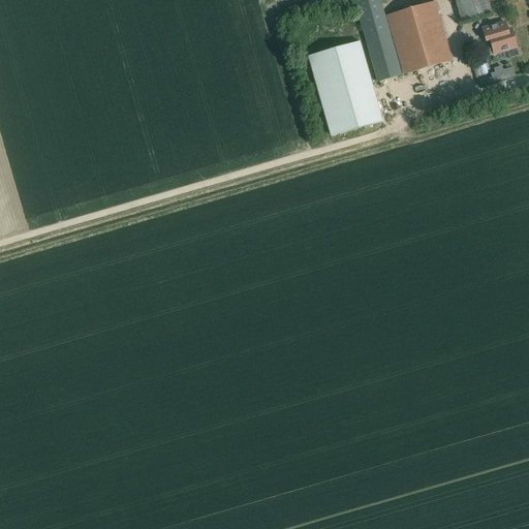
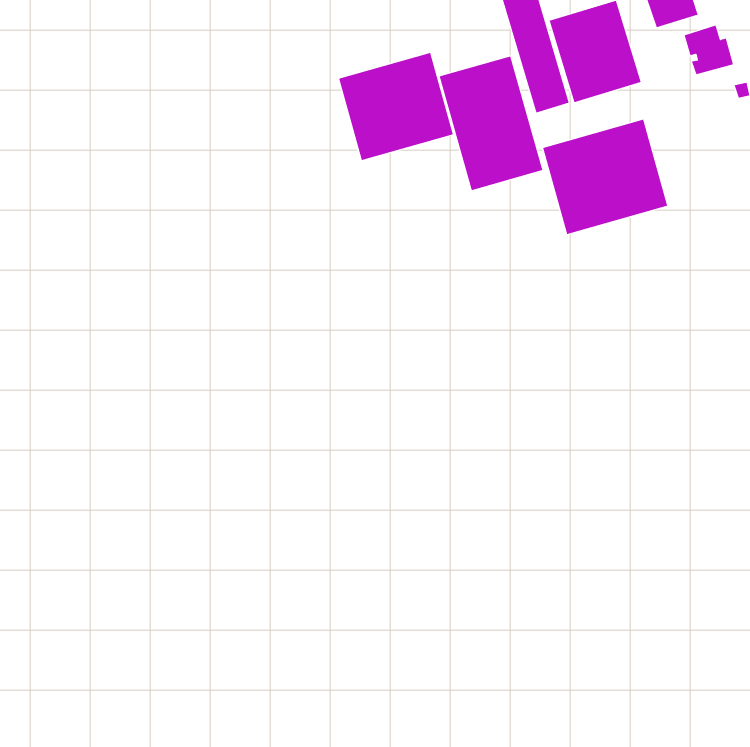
building: none -> [338,52,453,161]
building: none -> [542,119,668,235]

